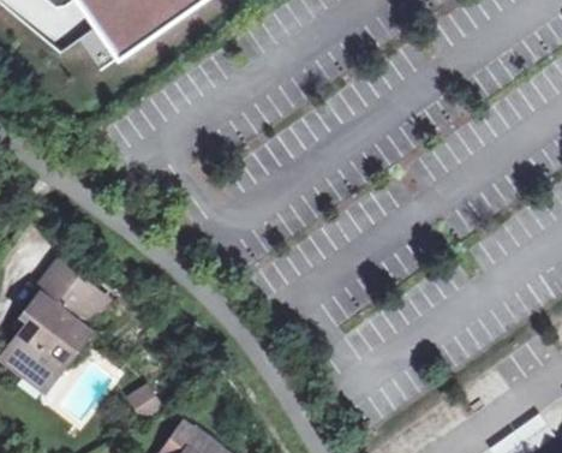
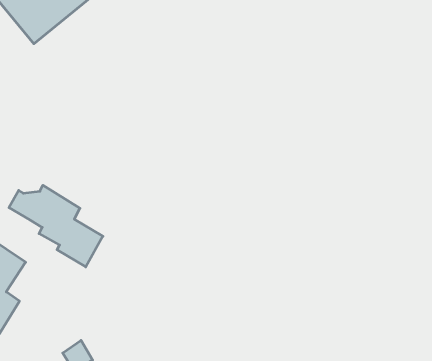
building: none -> [9,185,103,267]

